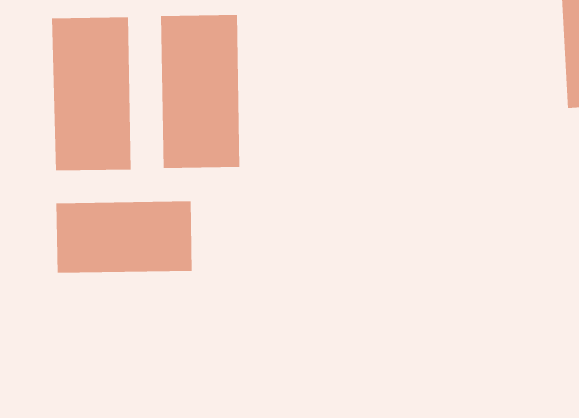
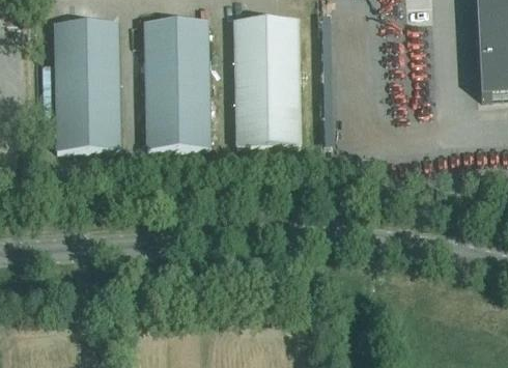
building: none -> [234,16,300,143]
building: [56,201,192,274] -> none

